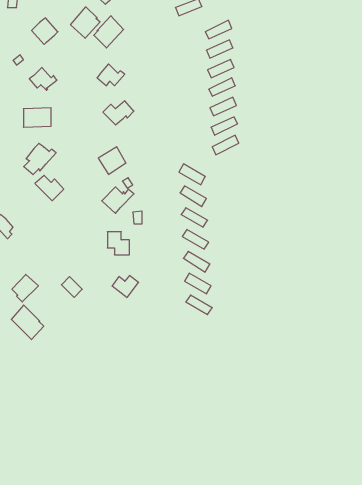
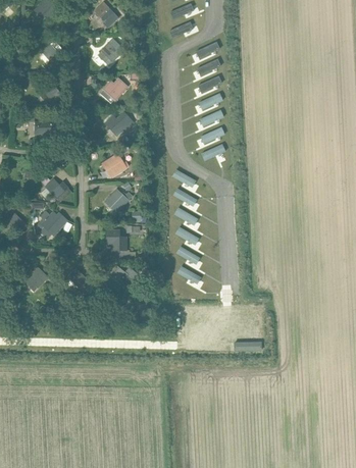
building: [71,7,100,38] -> none
building: [24,143,56,175] -> [39,212,67,240]
building: [11,305,44,340] -> none

